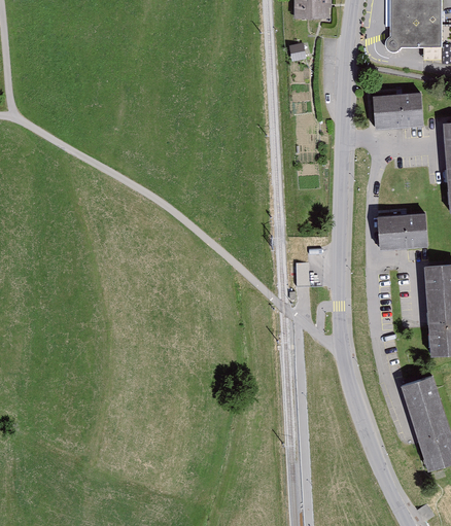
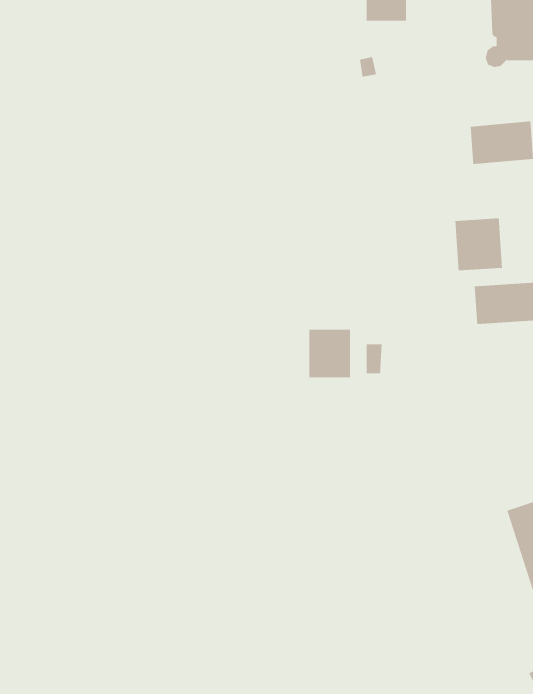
building: none -> [455,218,503,271]
building: none -> [309,329,350,378]

